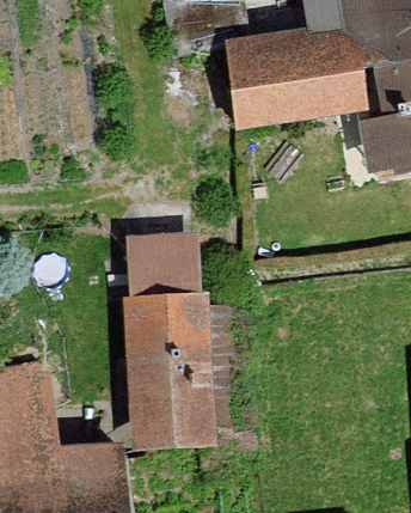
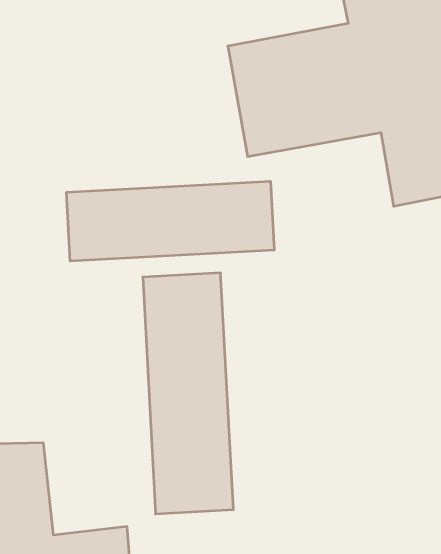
building: none -> [67,181,274,261]

